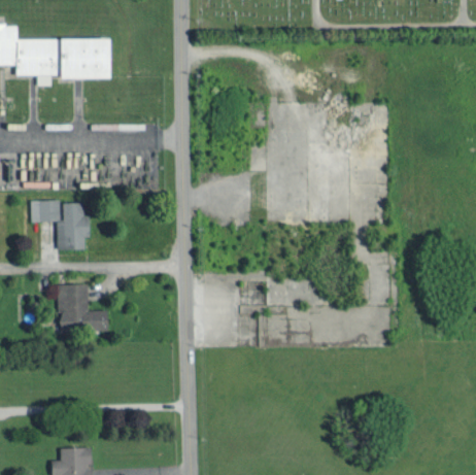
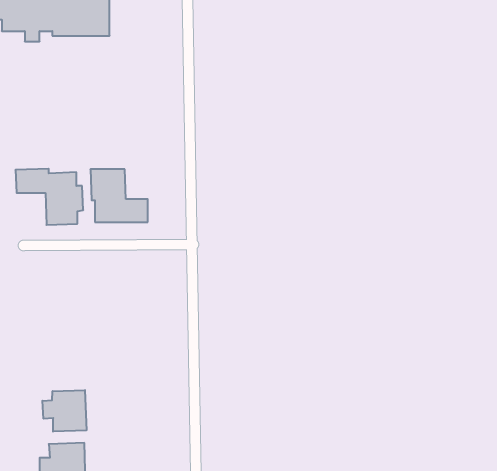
building: [56,284,107,332] -> [90,169,148,222]
building: none -> [42,390,86,432]

